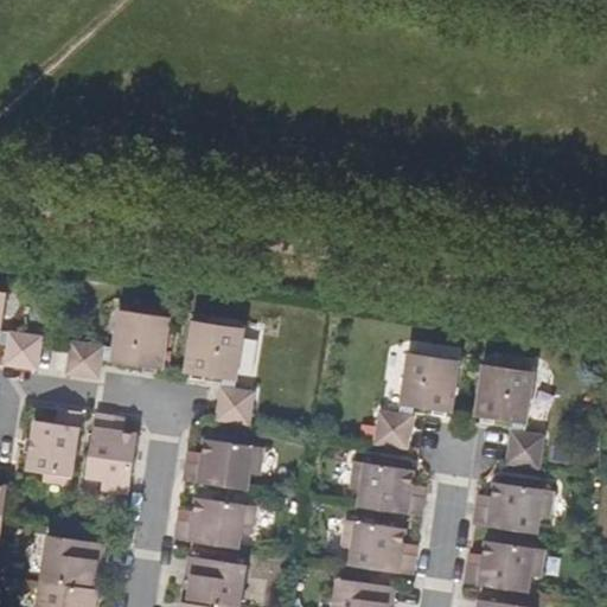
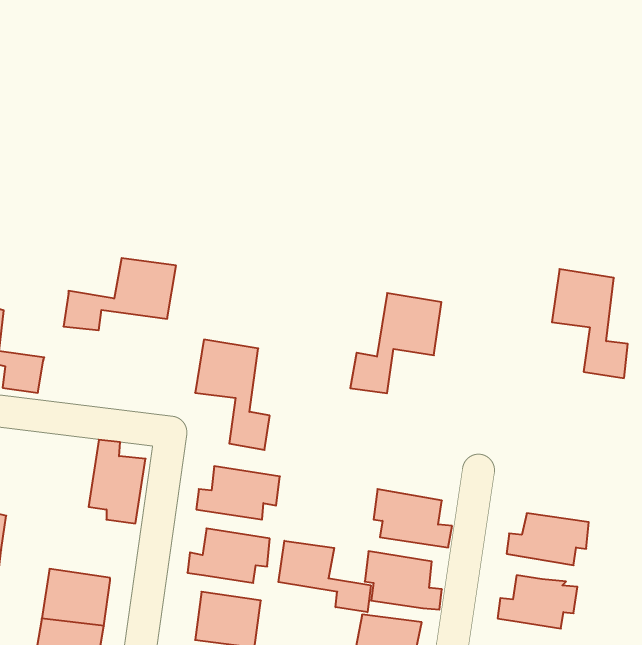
building: [64,309,170,377] -> [63,258,176,330]
building: [373,353,459,447] -> [350,293,441,393]
building: [475,365,547,467] -> [552,269,628,378]
building: [25,408,79,484] -> none
building: none -> [278,541,371,612]

